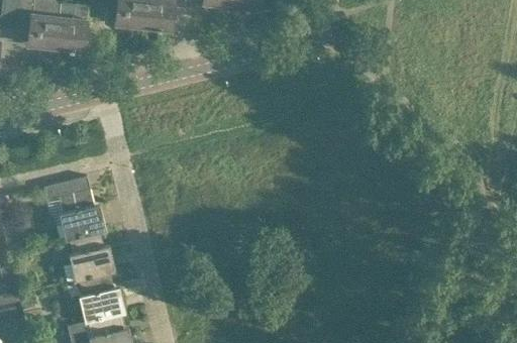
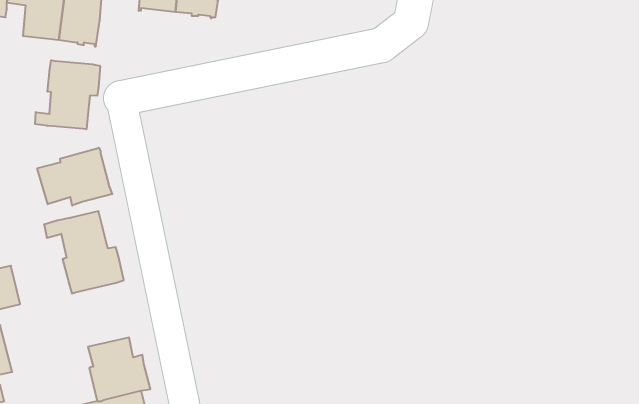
building: none -> [35,60,100,129]
building: none -> [37,148,112,206]
building: [68,232,114,281] -> none

